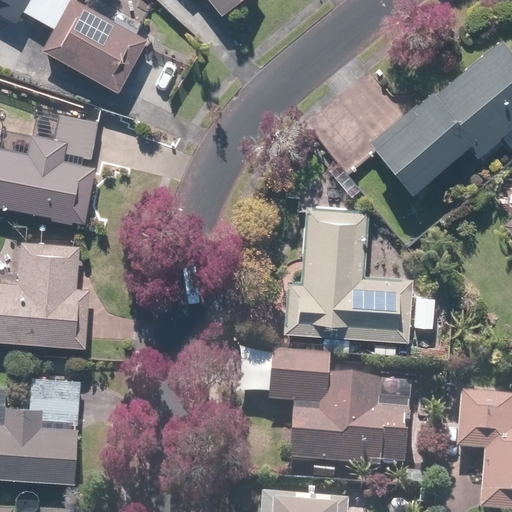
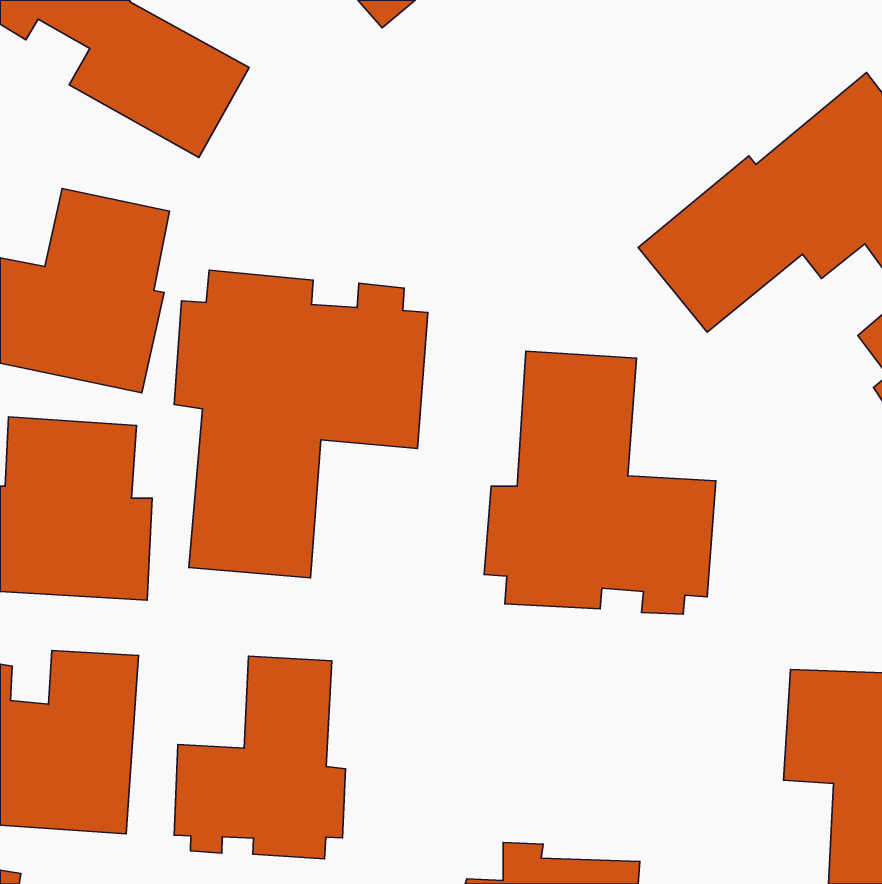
building: none -> [174,270,428,578]
building: [237,355,410,483] -> none
building: none -> [174,656,345,859]

